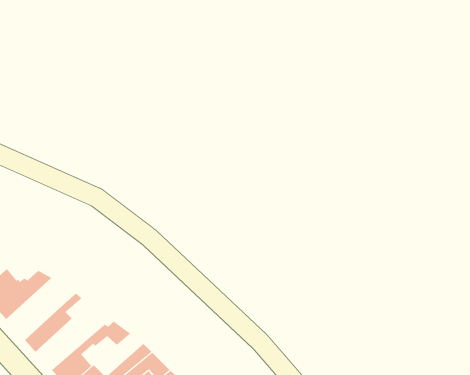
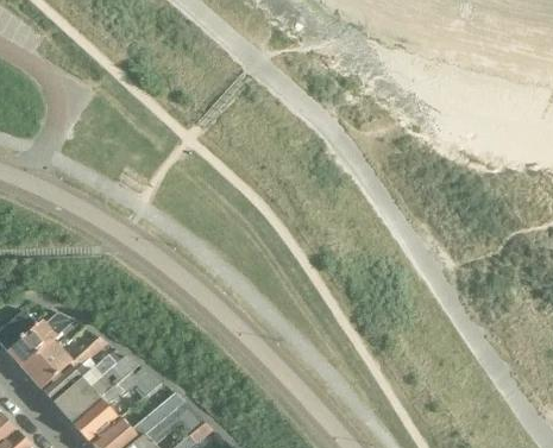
building: none -> [24,321,86,390]
building: none -> [56,353,139,423]

